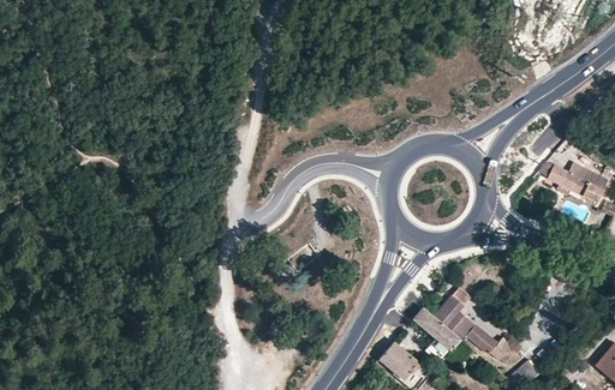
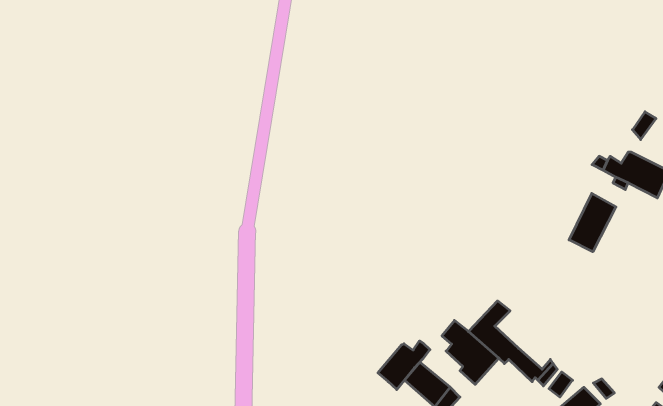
building: none -> [569,193,616,252]
building: none -> [378,341,430,390]

